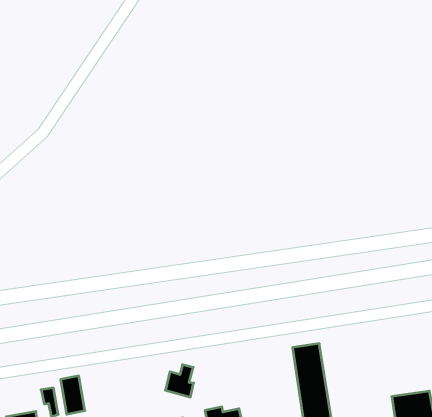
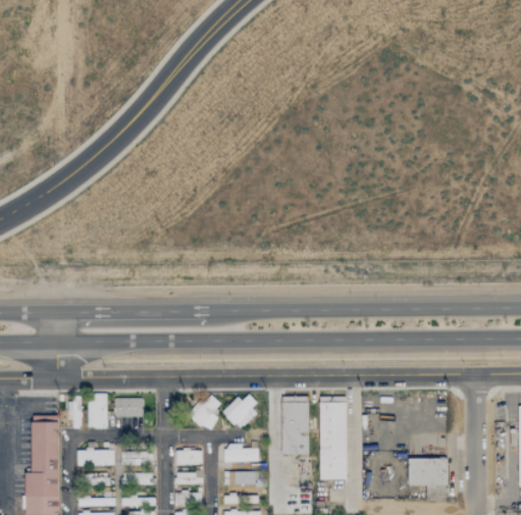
building: none -> [282,396,309,453]
building: none -> [223,395,262,428]
building: none -> [114,398,143,417]

